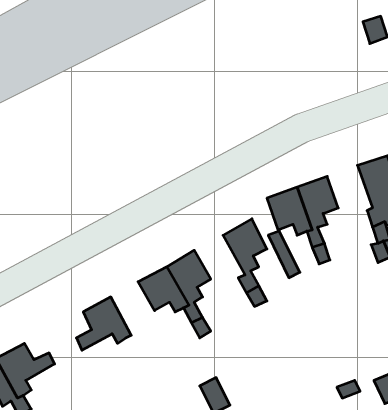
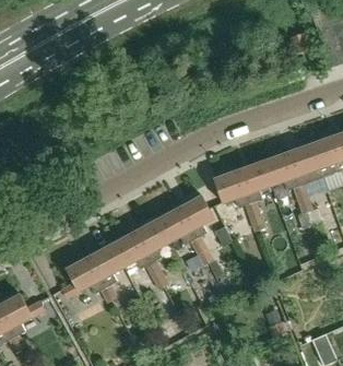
building: none -> [261,151,297,189]
building: none -> [155,206,196,244]
building: none -> [88,244,123,300]

